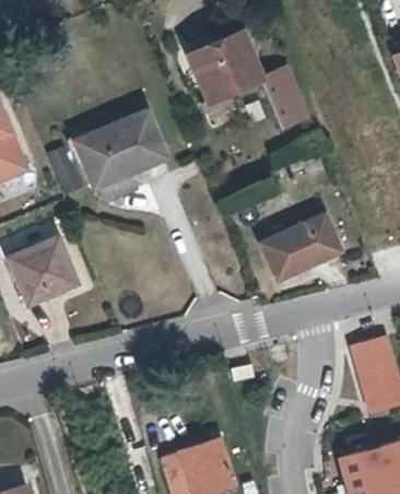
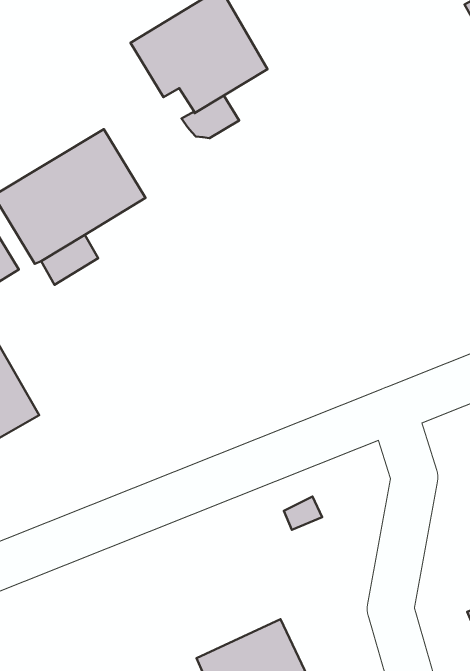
building: [261,69,310,130] -> none
building: [260,210,344,278] -> none

